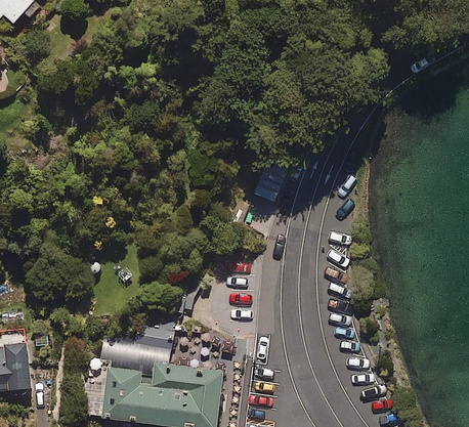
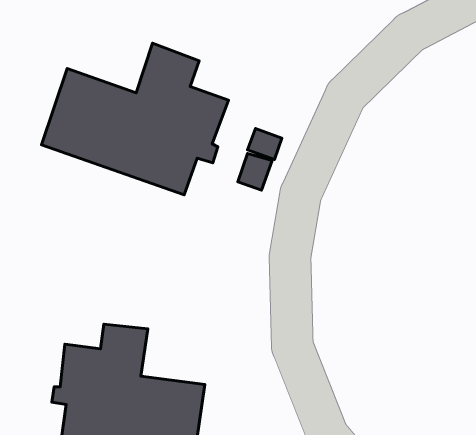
building: none -> [41,43,228,195]

